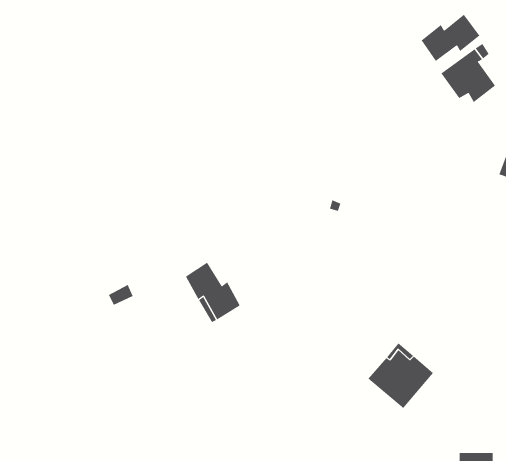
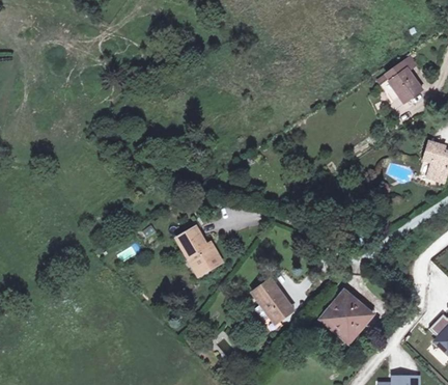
building: [421,14,480,62] -> none
building: none -> [252,278,291,331]

